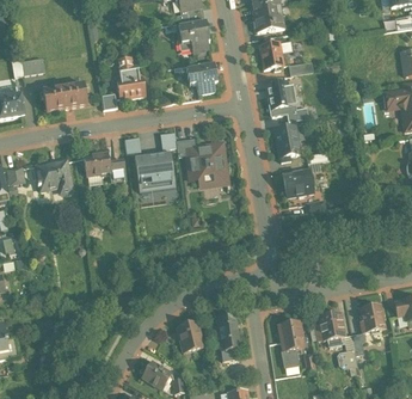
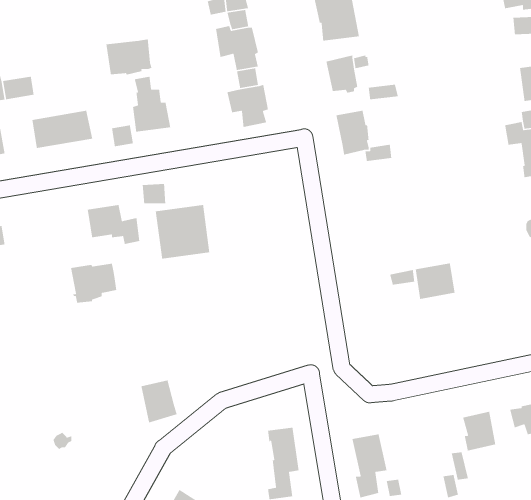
building: none -> [105,39,152,75]
building: [275,125,300,160] -> none
building: [177,137,228,190] -> none
building: [36,160,70,190] -> [70,263,117,303]
building: [283,168,313,196] -> [415,262,455,300]
building: [315,311,345,346] -> none
building: [177,320,204,352] -> [140,379,178,423]

